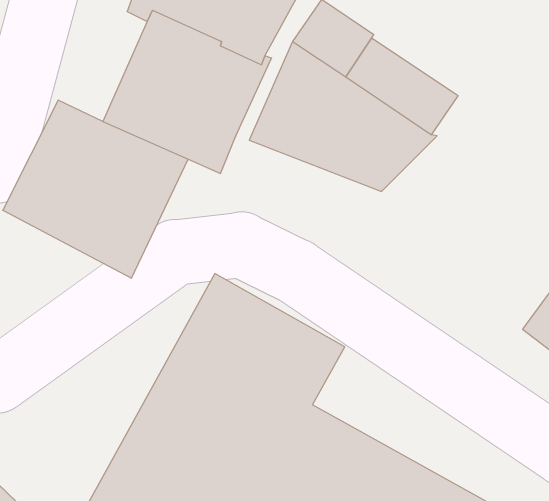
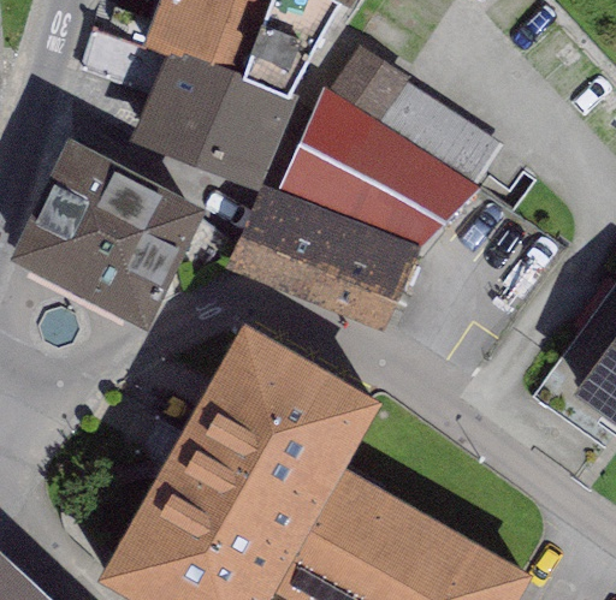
building: none -> [226,183,419,331]

